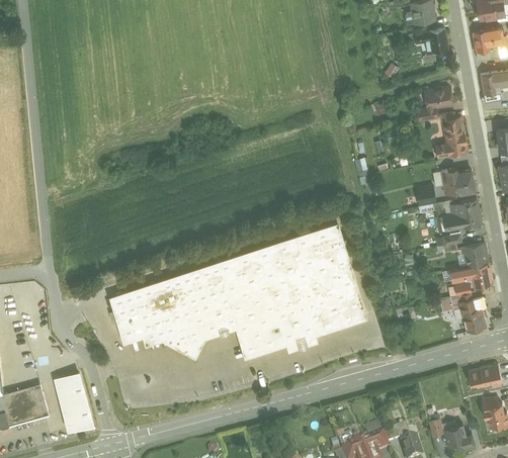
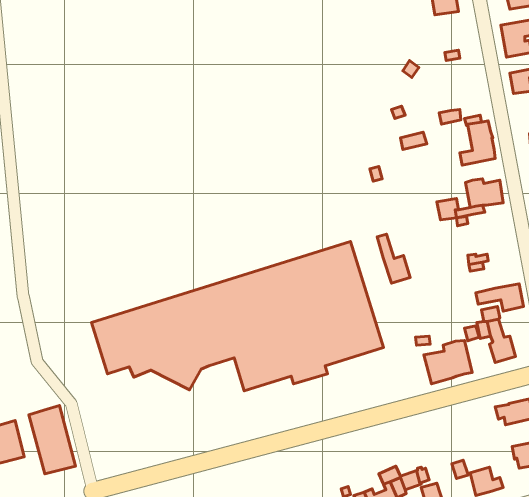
building: [414,28,447,51] -> none
building: [424,87,451,107] -> none
building: [441,198,481,230] -> none
building: none -> [377,234,410,283]
building: [462,242,488,265] -> none
building: none -> [424,340,472,384]

